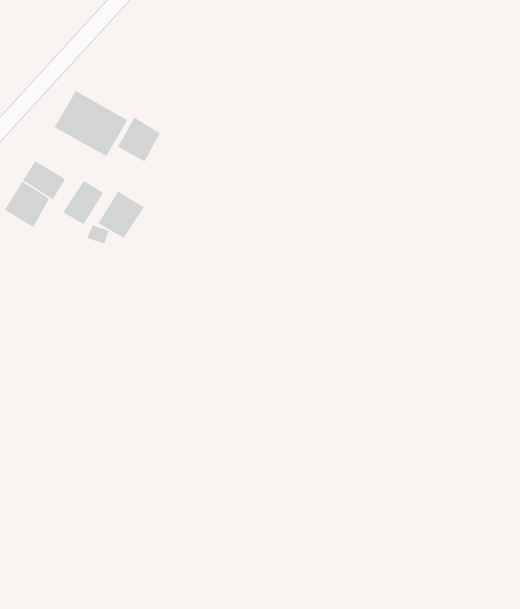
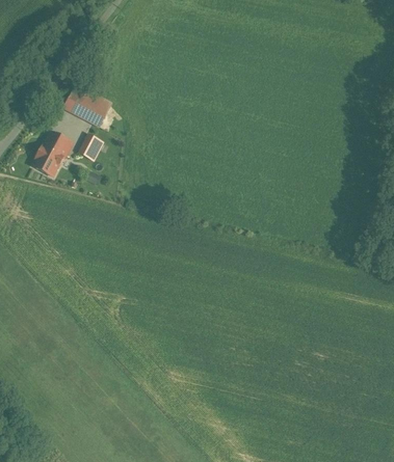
building: [117,116,161,163] -> none
building: [97,190,145,239] -> none

